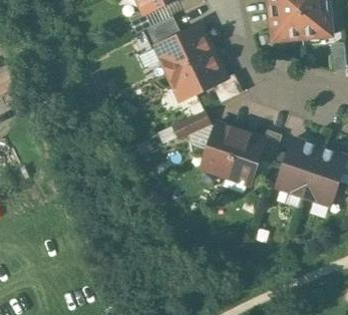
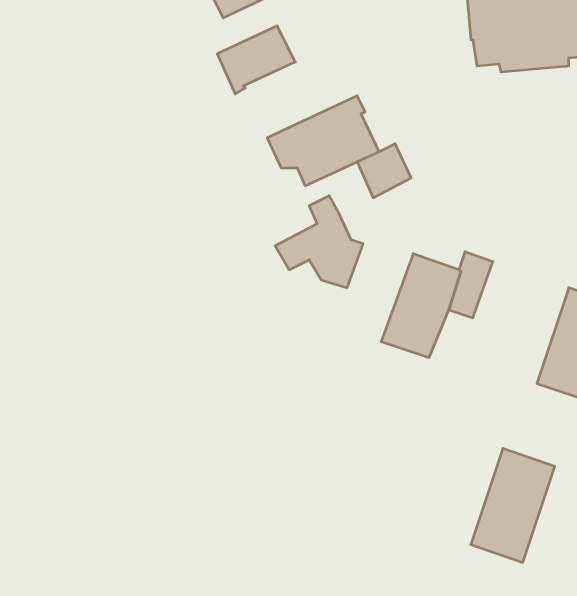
building: [155,26,213,72] -> none
building: [201,122,241,175] -> none
building: [277,138,319,196] -> [471,448,555,562]

